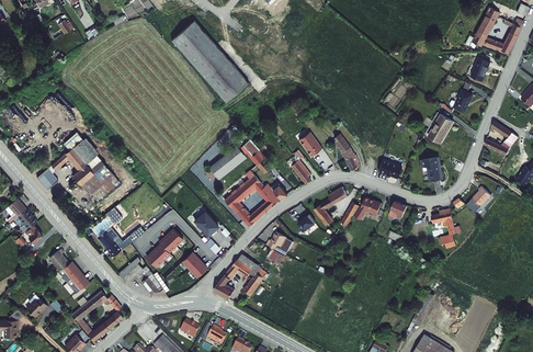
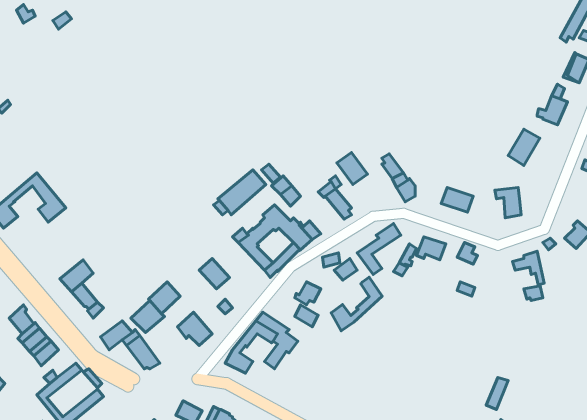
building: [171,22,247,103] -> none
building: [73,138,121,202] -> none
building: none -> [331,277,382,331]

